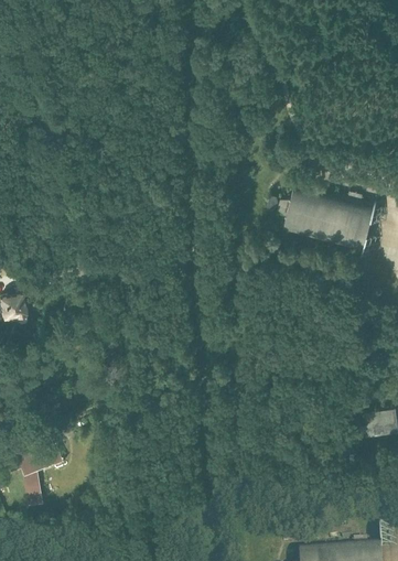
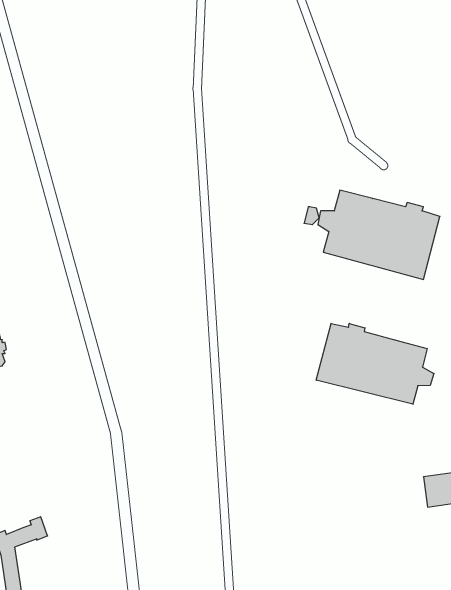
building: none -> [316,323,434,404]

